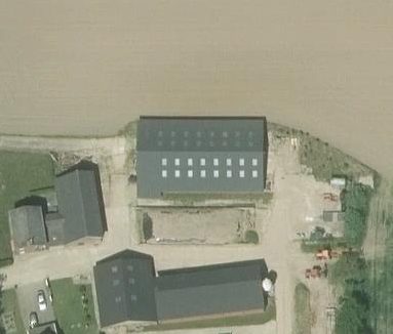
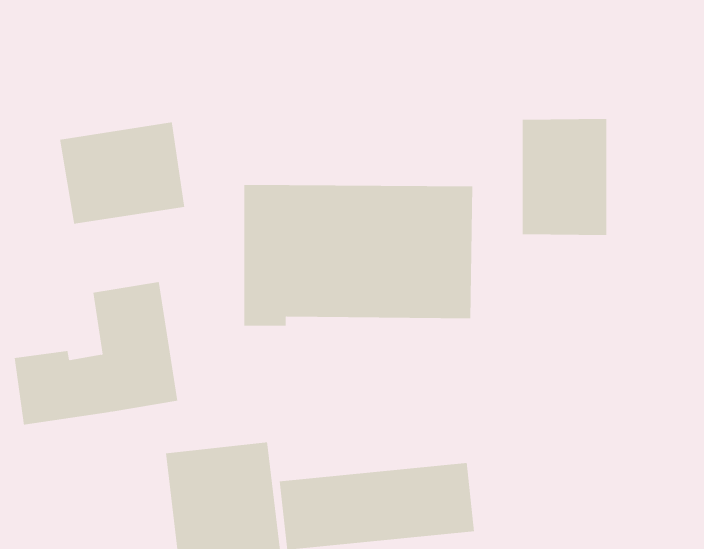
building: none -> [522,118,607,236]
building: none -> [60,122,185,224]

